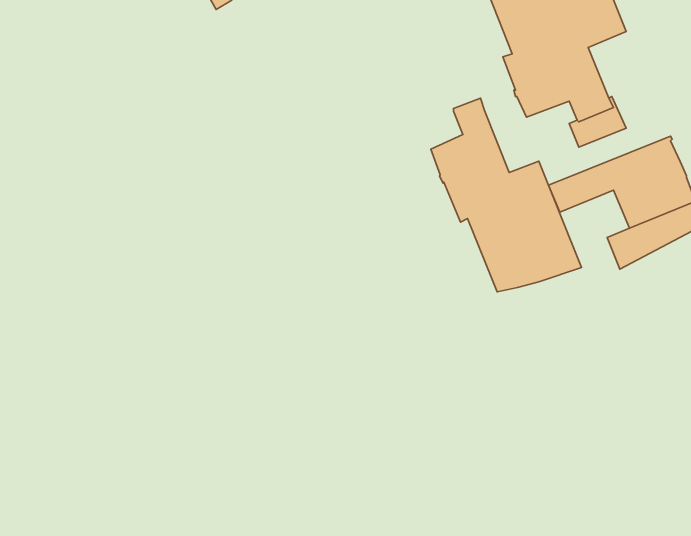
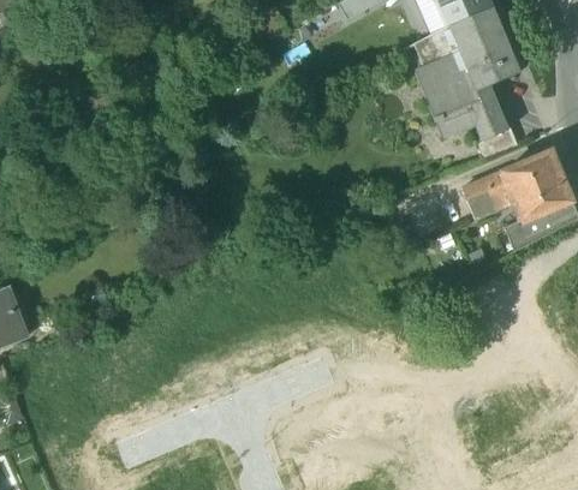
building: [431,98,582,292] -> none

